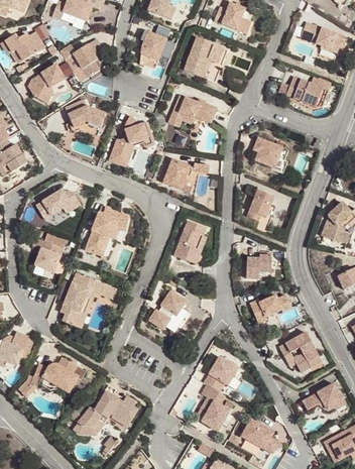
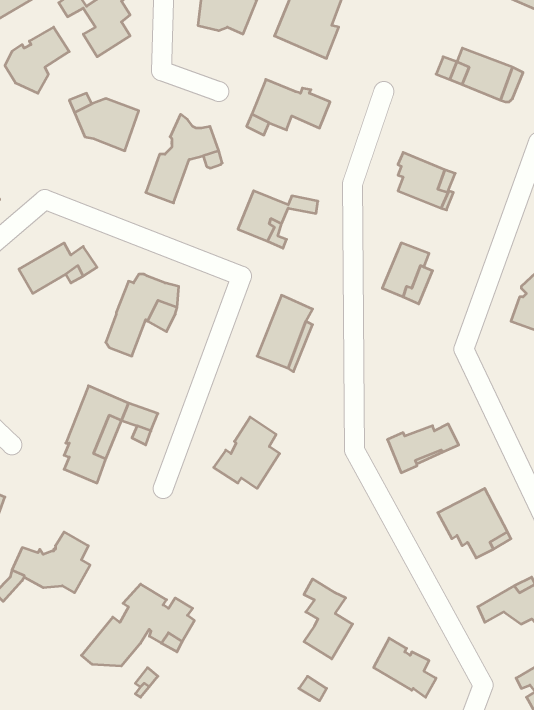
building: [31,231,63,271] -> none
building: [245,255,271,278] -> none
building: [203,356,238,392] -> none

